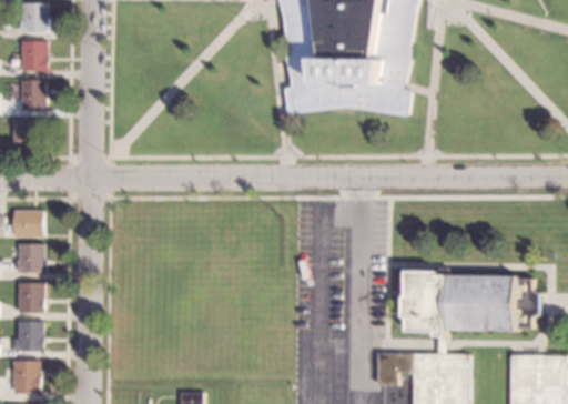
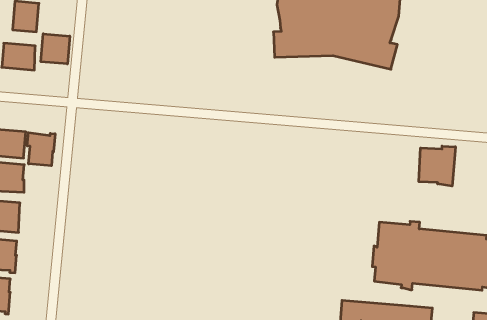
building: none -> [41,34,70,64]
building: none -> [419,146,455,186]
building: none -> [27,133,55,166]

